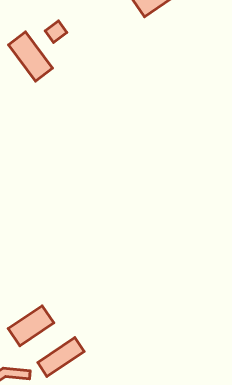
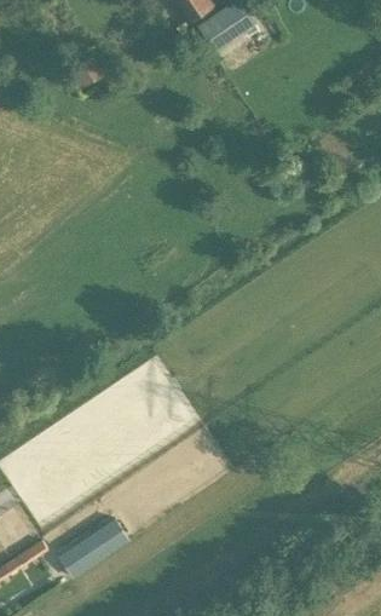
building: [8,32,53,81] -> none
building: [8,306,54,346] -> none

